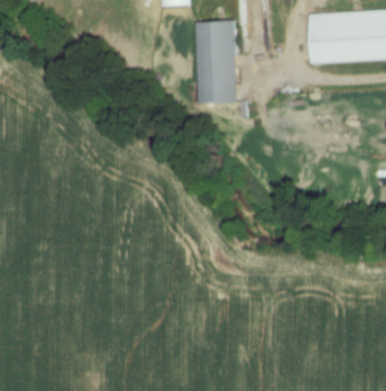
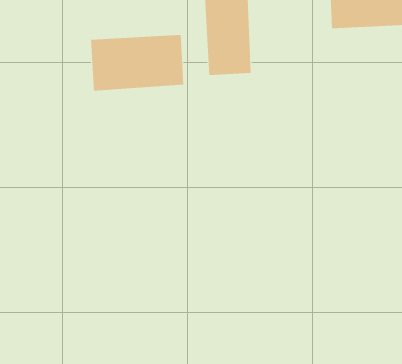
building: none -> [91,34,184,91]

